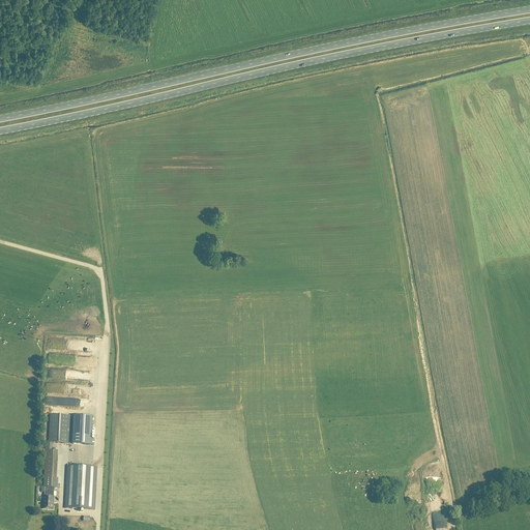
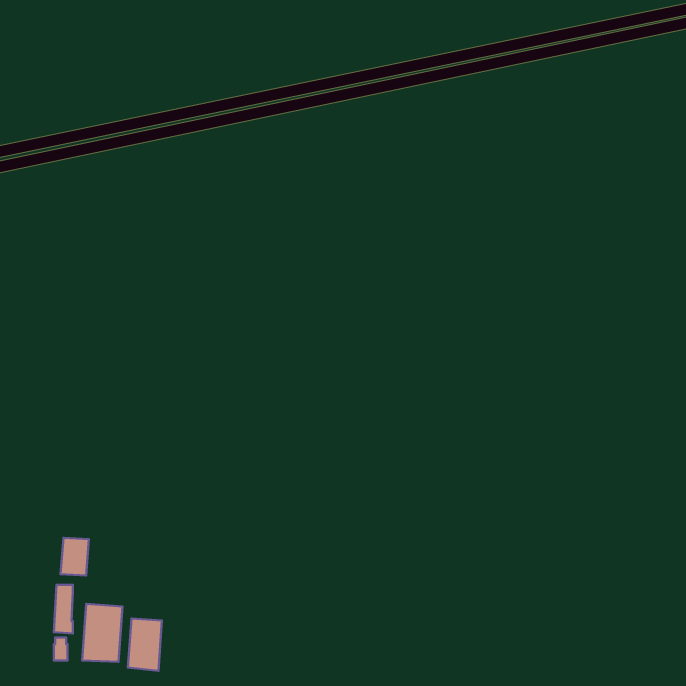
building: [71,414,93,443] -> none
building: none -> [128,619,162,671]

